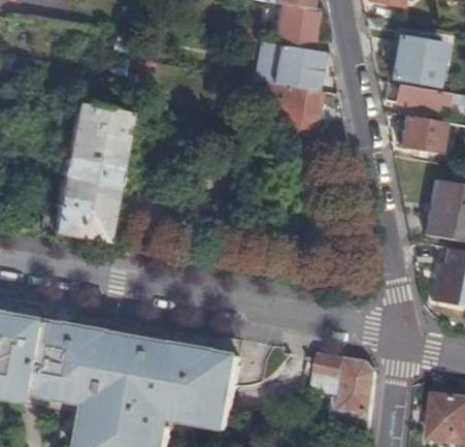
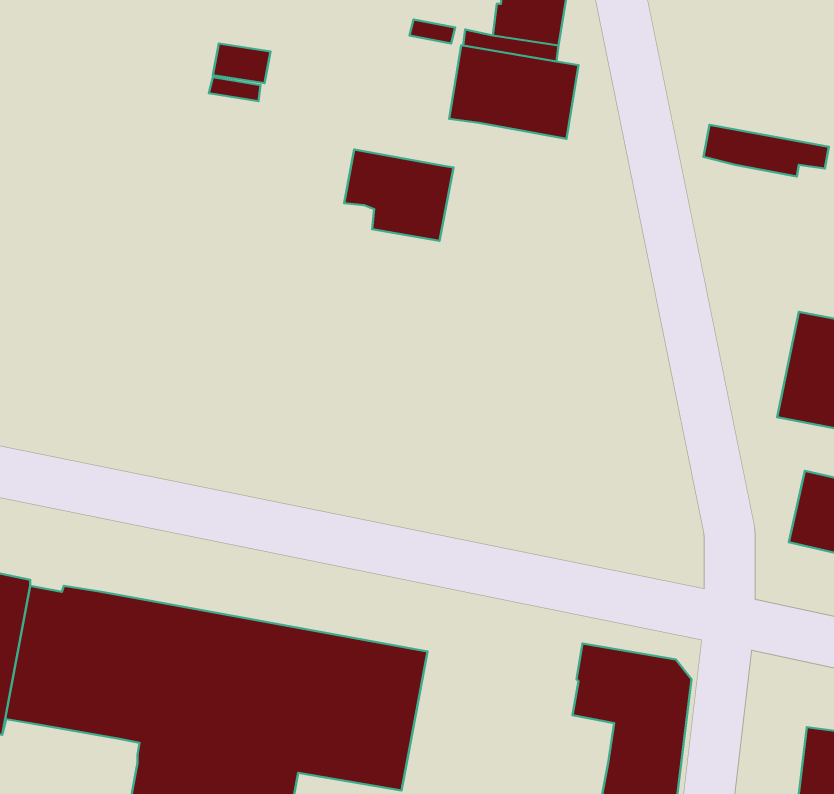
building: [391,36,442,85] -> none
building: [265,82,322,129] -> [344,150,453,241]
building: [41,101,130,242] -> none
building: [401,114,443,154] -> none

